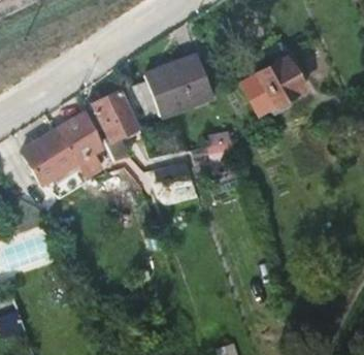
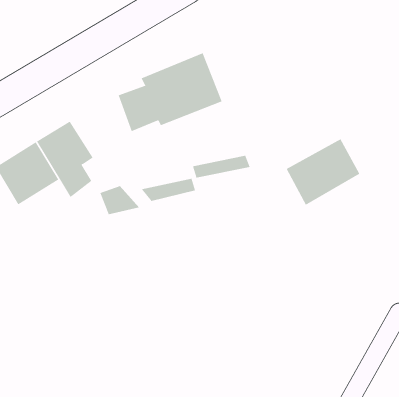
building: [239,59,302,116] -> [286,138,360,206]
building: [92,89,140,161] -> none

